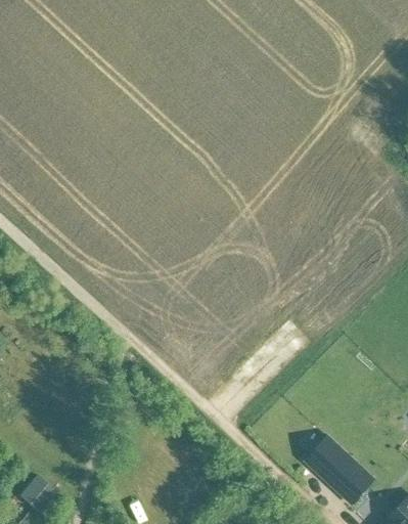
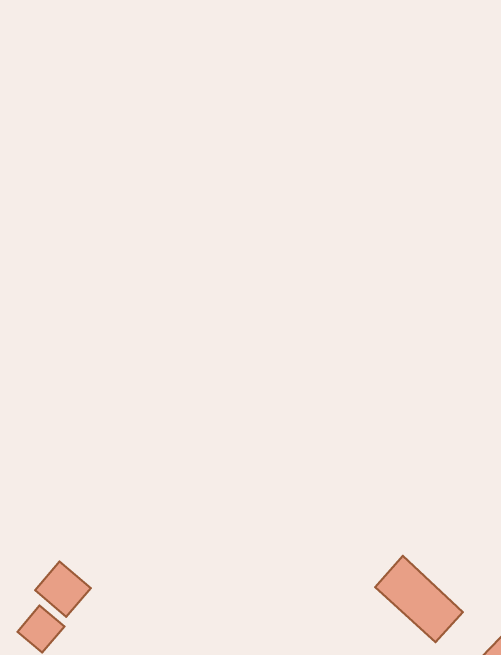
building: none -> [35,562,91,617]

